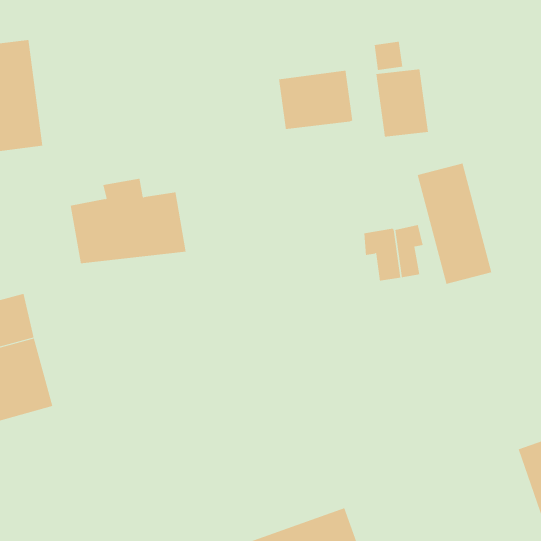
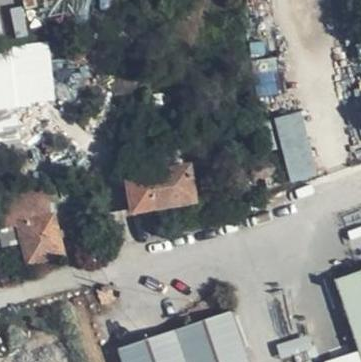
building: [279,70,353,130] -> none
building: [70,178,186,264] -> [127,162,195,212]

